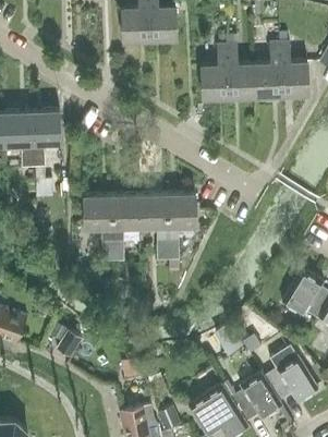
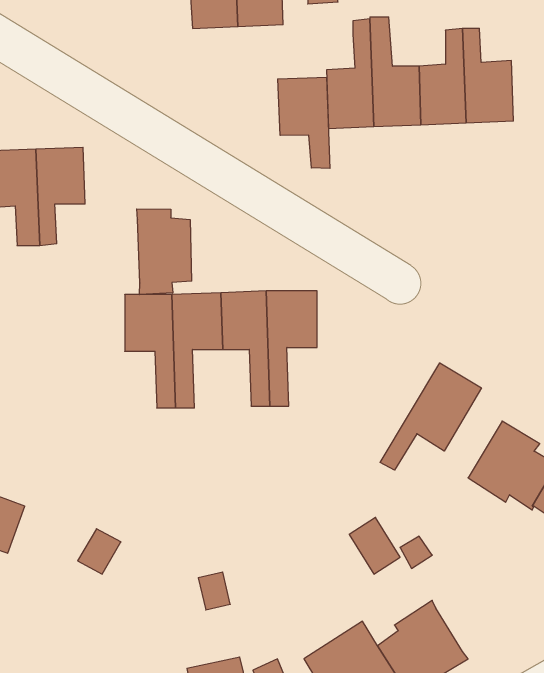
building: none -> [278,77,330,168]
building: none -> [137,209,192,295]
building: none -> [380,363,481,470]
building: [264,344,318,402] -> none

